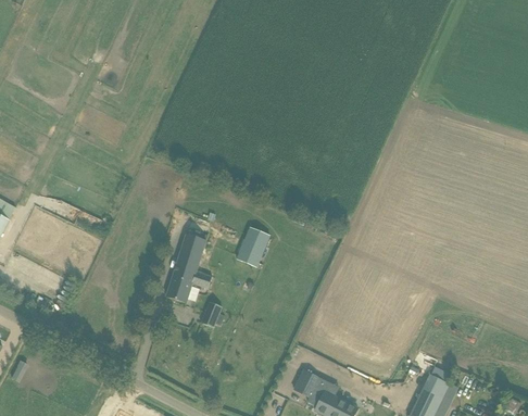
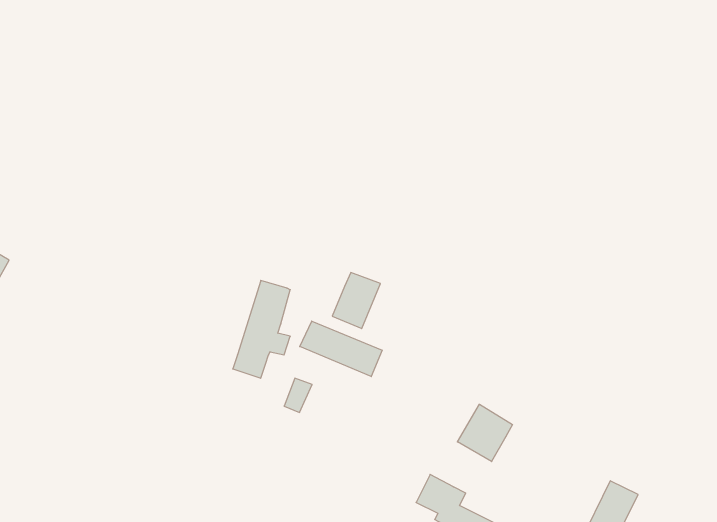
building: none -> [300,321,382,377]
building: none -> [457,404,512,462]

